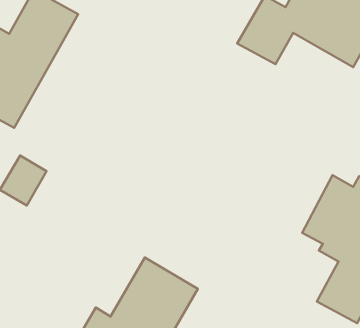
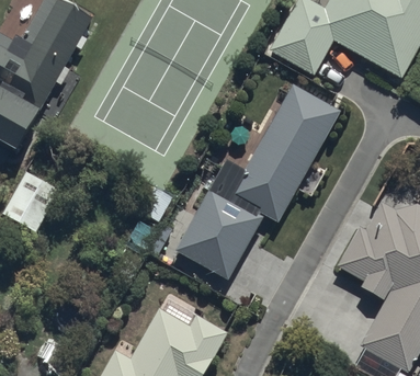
building: none -> [180,81,343,271]

